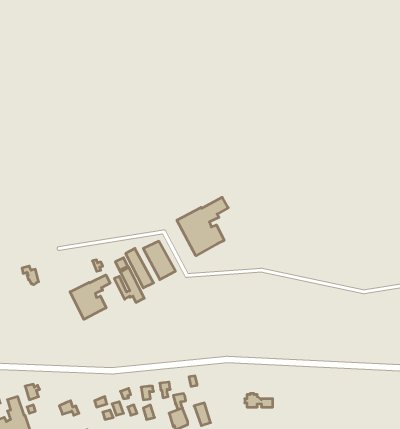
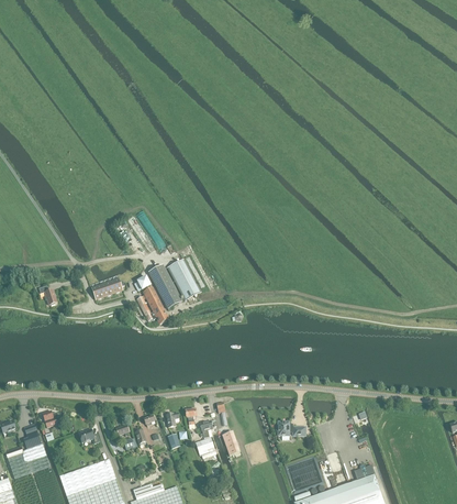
building: [177,197,228,256] -> none
building: [70,275,110,319] -> none

